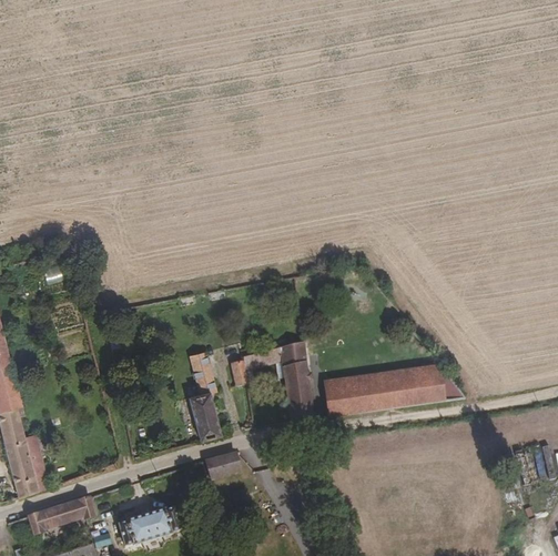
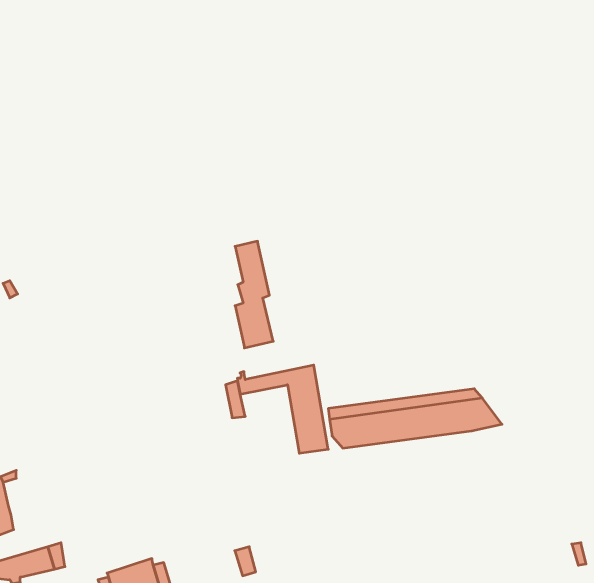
building: [189,348,221,438] -> [235,241,273,348]
building: [207,453,239,477] -> none

